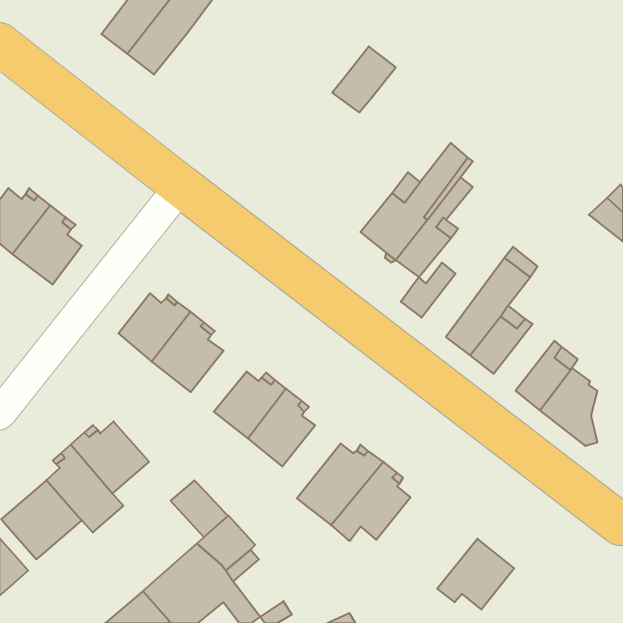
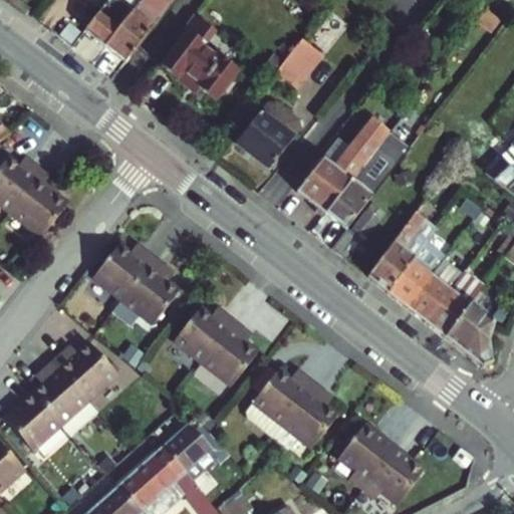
building: none -> [163,14,238,97]
building: none -> [238,103,300,172]
building: none -> [406,263,457,321]
building: [171,480,228,537] -> none
building: none -> [336,420,393,484]

